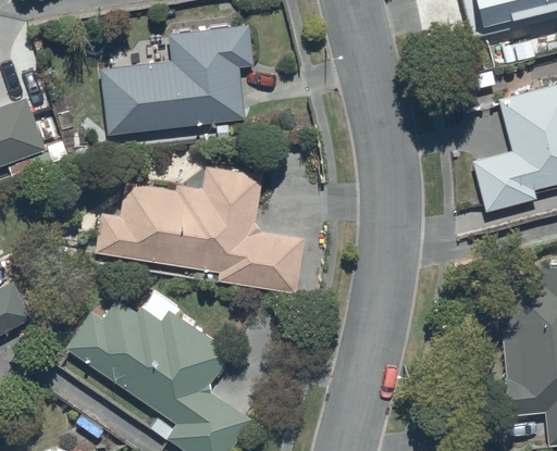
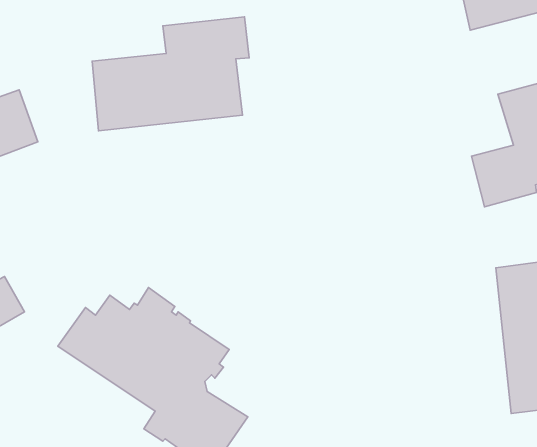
building: [95,166,302,292] -> none

